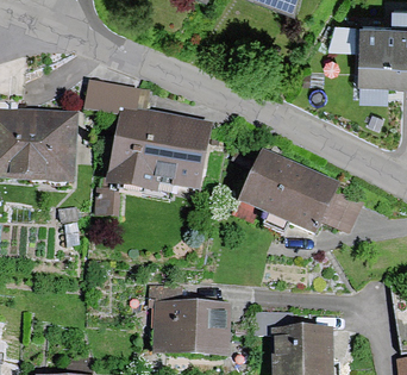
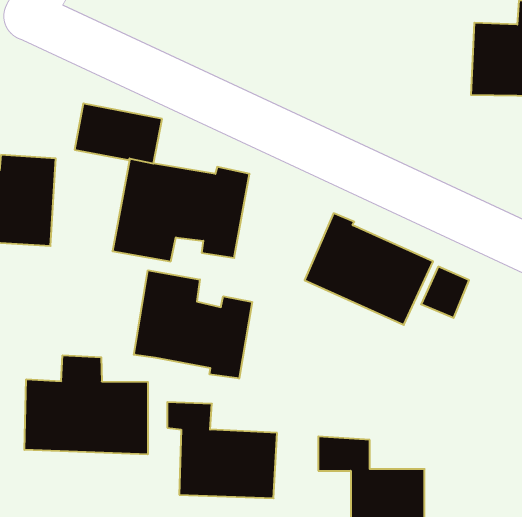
building: none -> [134,270,252,379]
building: none -> [24,355,148,454]

